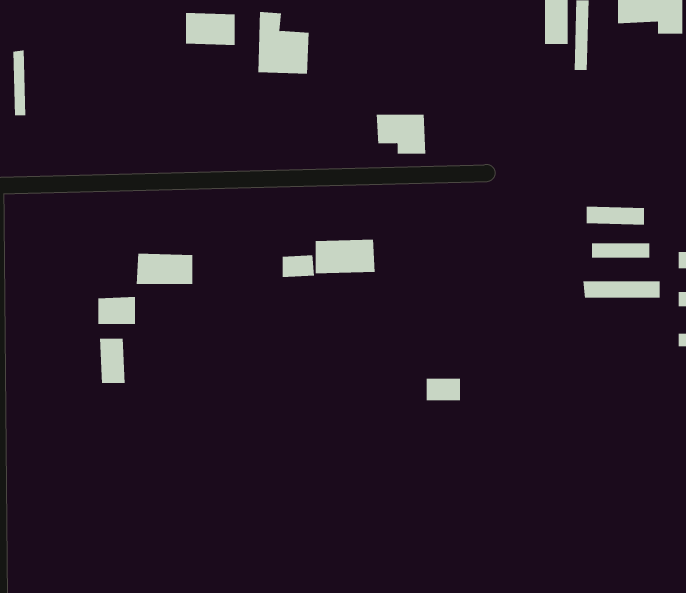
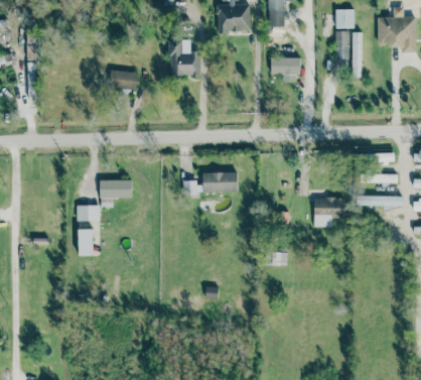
building: [185,12,236,45] -> [108,71,137,90]
building: [376,114,426,154] -> [270,57,299,81]
building: none -> [313,197,340,227]

